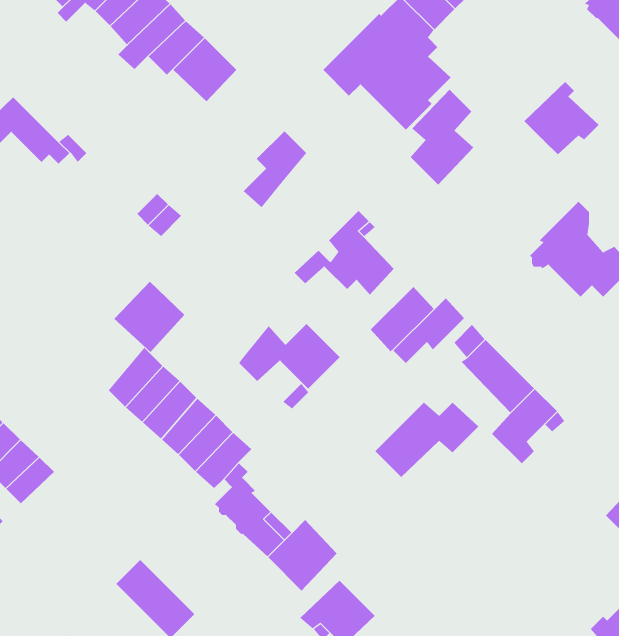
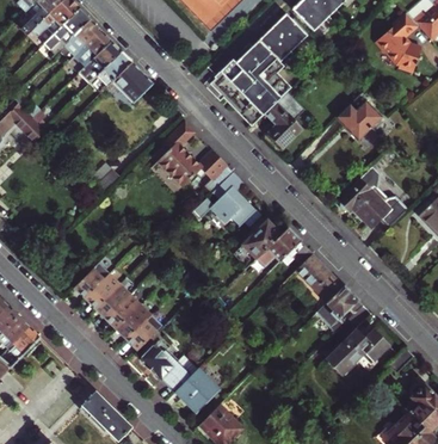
building: [113,281,185,353] -> none
building: [238,323,341,390] -> [168,152,233,193]
building: [375,402,479,478] -> [325,329,390,377]

